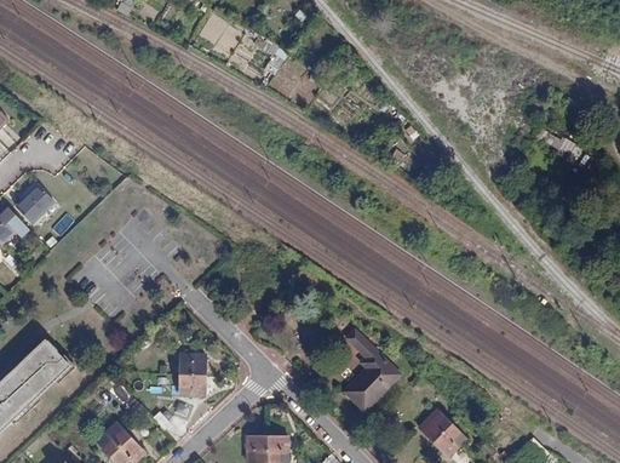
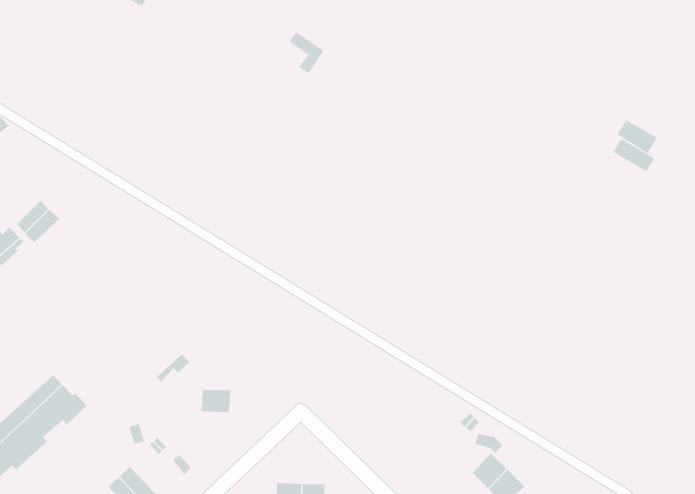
building: none -> [617,119,658,154]
building: [343,330,400,411] -> none
building: [178,373,203,396] -> none

